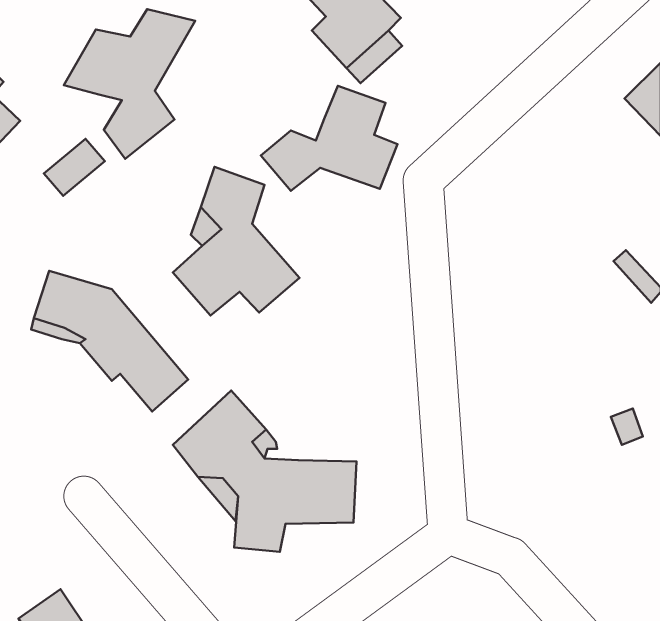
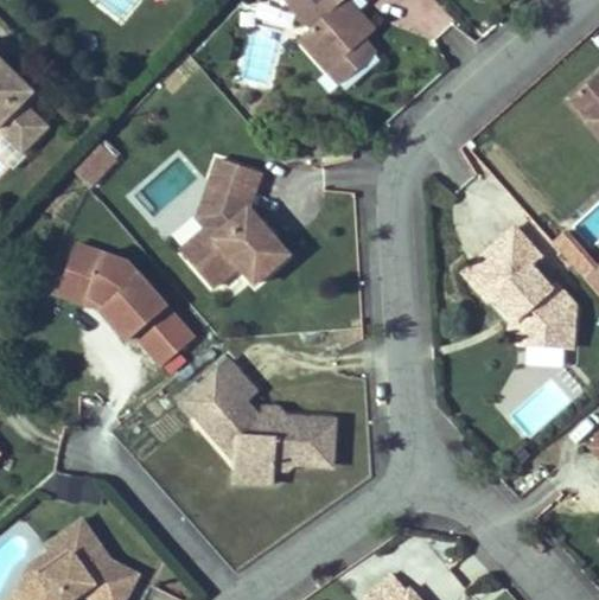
building: [64,9,195,159] -> none
building: [261,86,397,191] -> none
building: none -> [467,225,579,345]

